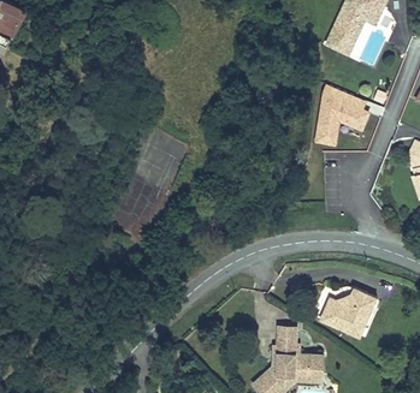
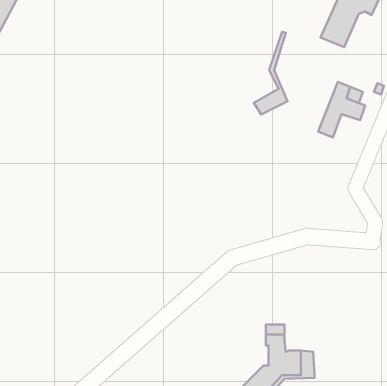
building: none -> [254,32,288,115]
building: [313,294,371,344] -> none

